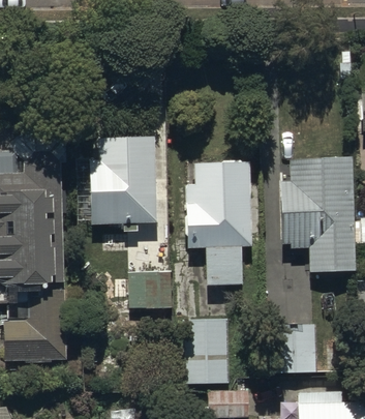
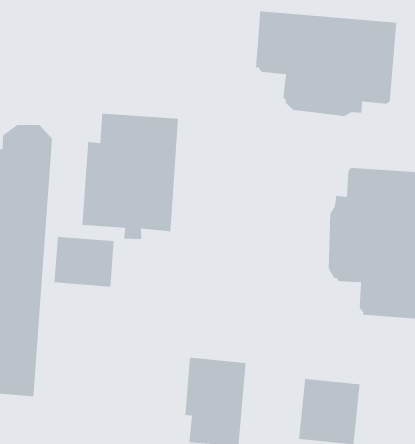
building: none -> [255,11,397,117]
building: [188,162,252,287] -> none
building: [127,272,173,309] -> [54,236,115,287]

